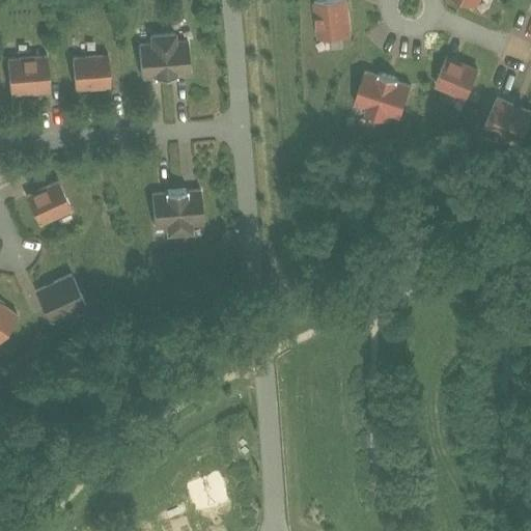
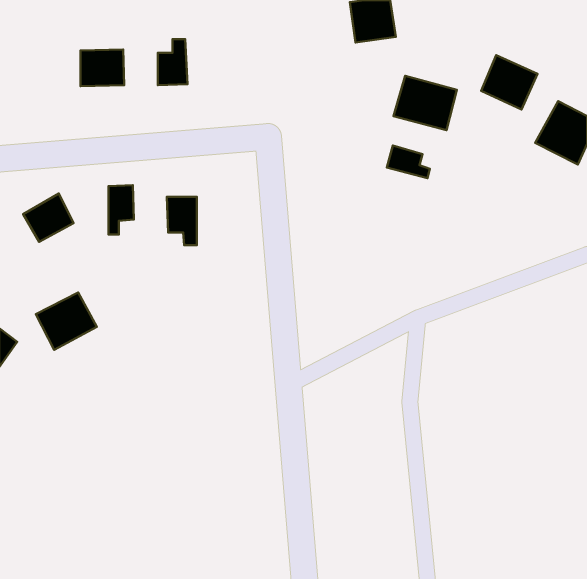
building: [167,43,193,84] -> none
building: [8,56,51,91] -> none
building: none -> [387,146,430,178]
building: [177,185,200,229] -> [109,185,134,235]

